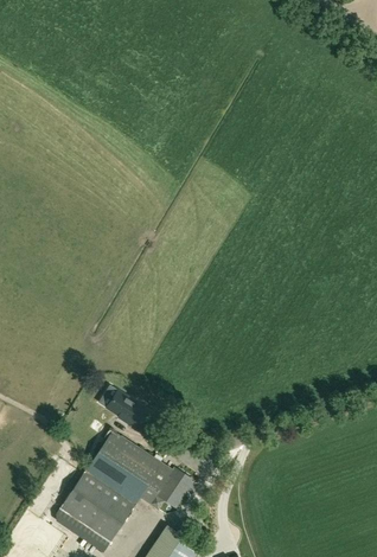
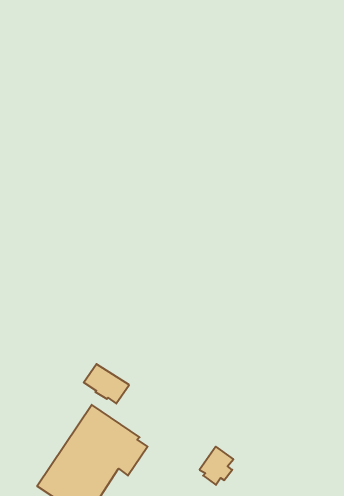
building: [158,468,192,507] -> [200,447,233,485]

